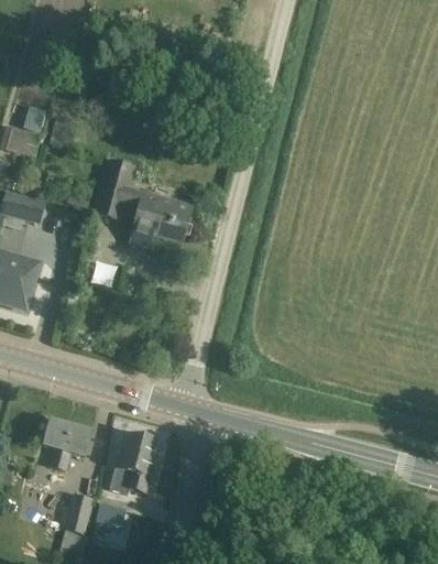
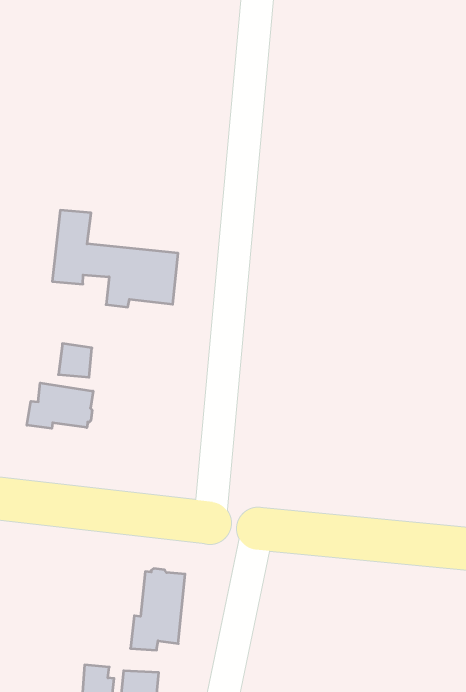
building: none -> [27,383,93,428]
building: [44,417,91,468] -> none

